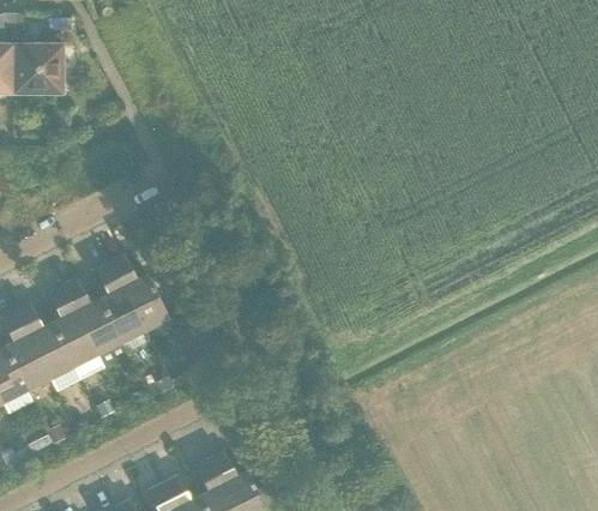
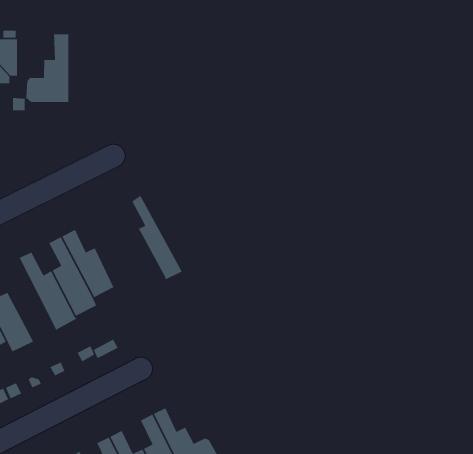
building: none -> [25,34,69,103]
building: none -> [131,196,183,280]
building: [47,287,102,379] -> none

